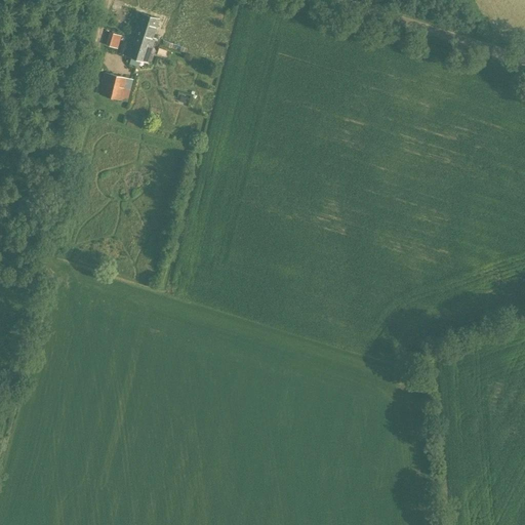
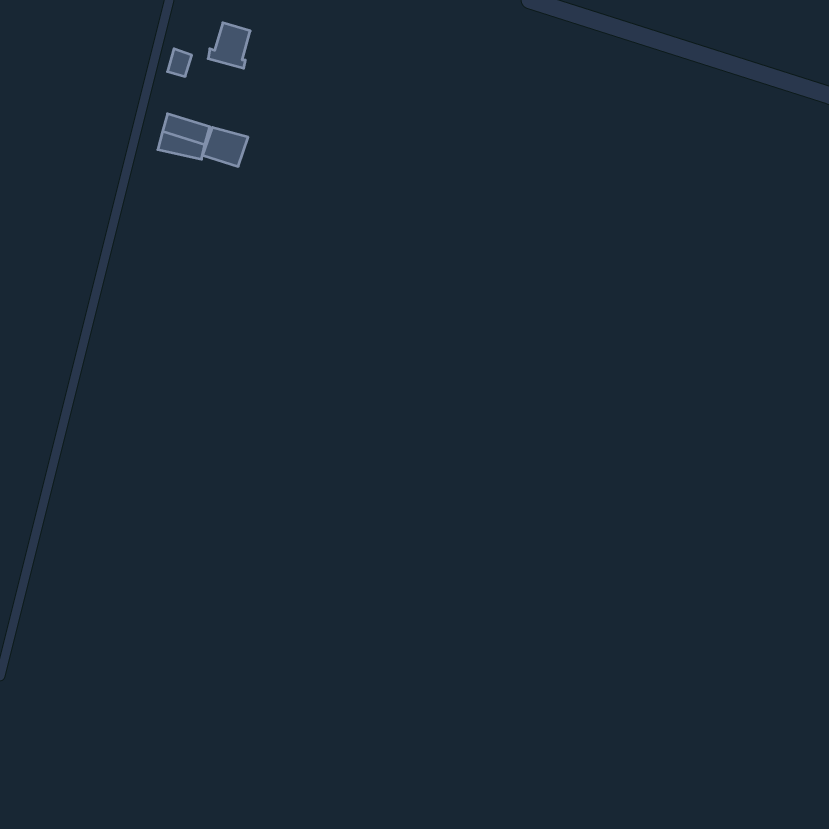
building: [126,38,155,63] -> [202,127,248,166]

